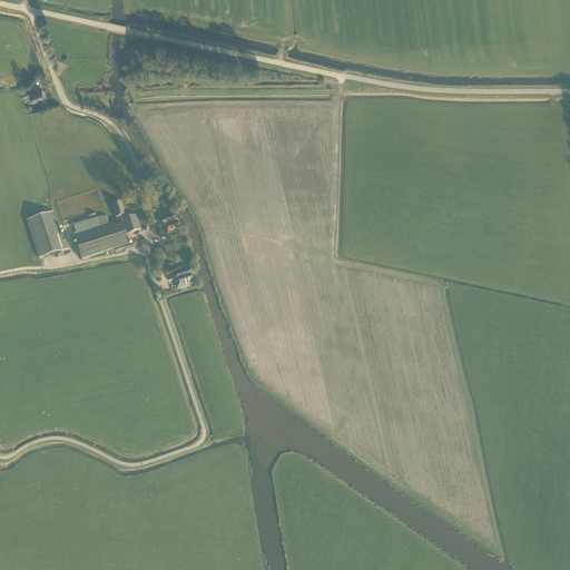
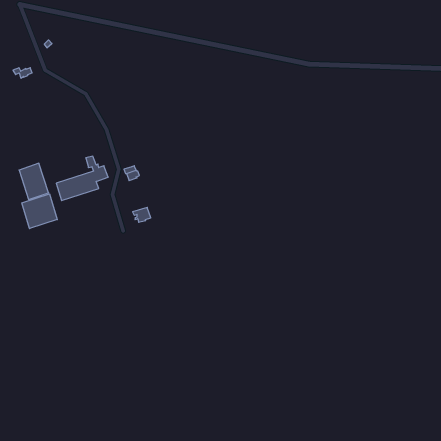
building: none -> [22,194,57,229]

